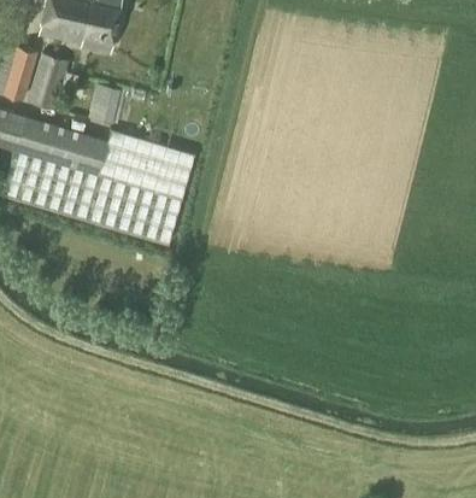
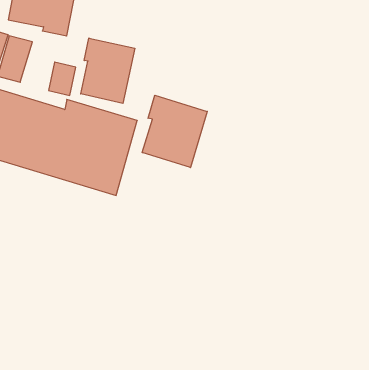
building: none -> [81,38,135,103]
building: none -> [142,95,207,168]

